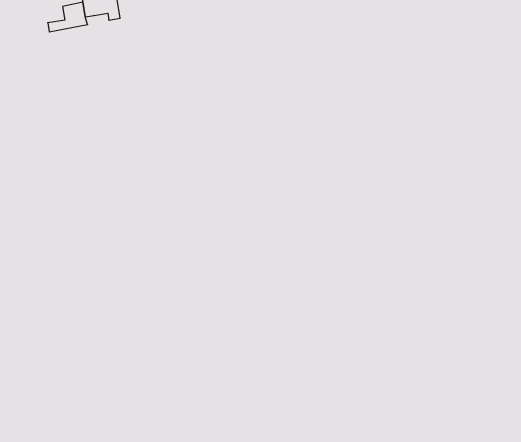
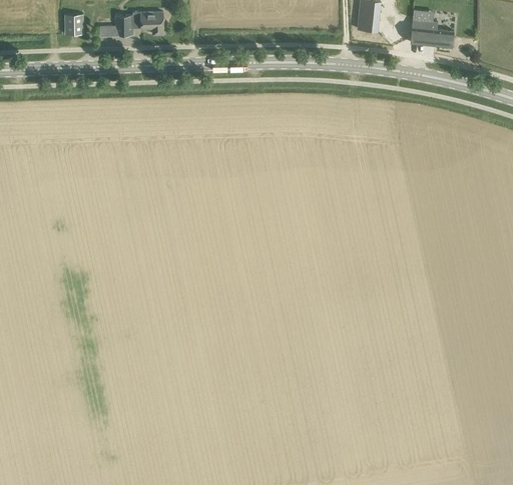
building: none -> [64,13,83,33]

